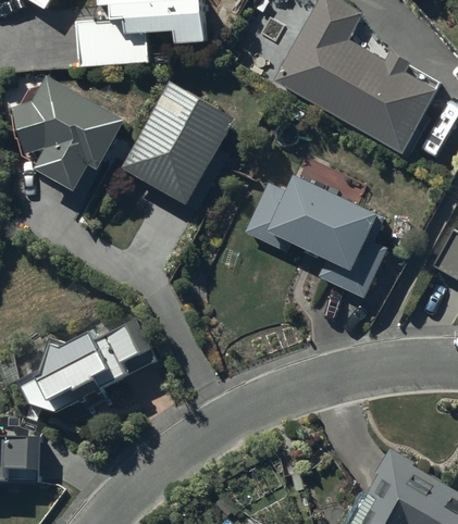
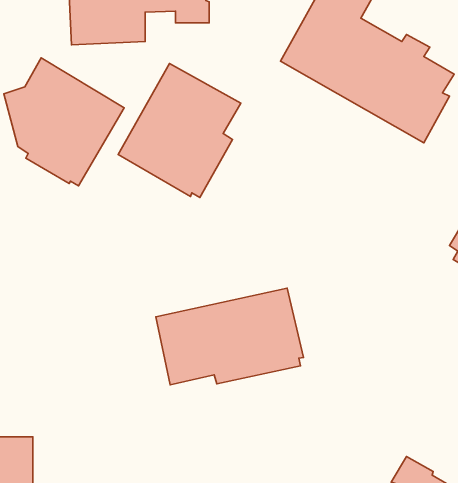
building: [245,176,386,297] -> none
building: none -> [156,288,304,385]
building: [15,317,157,420] -> none

